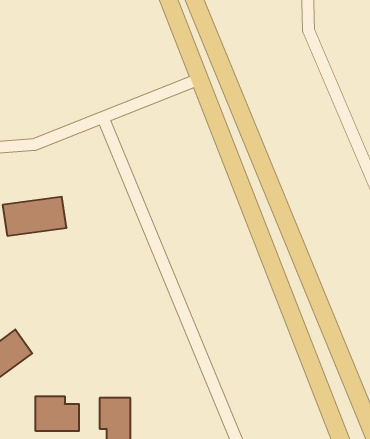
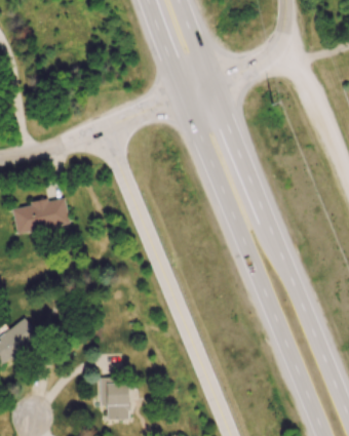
building: [36,396,79,431] -> none

